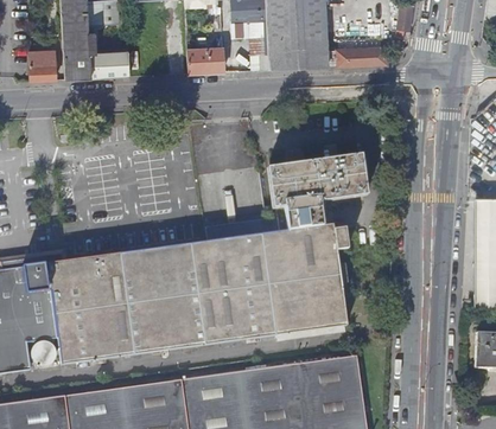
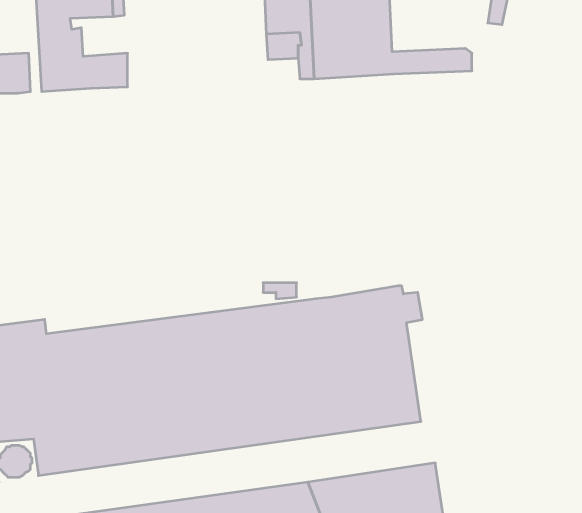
building: [187,46,223,72] -> none
building: [267,153,368,231] -> none

